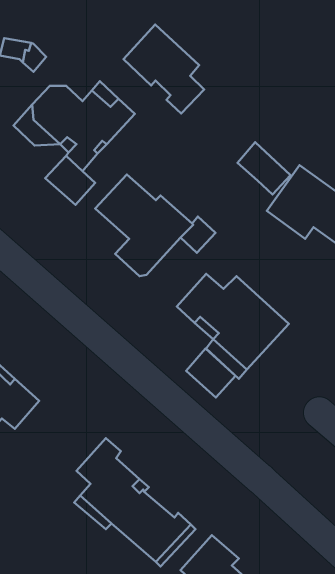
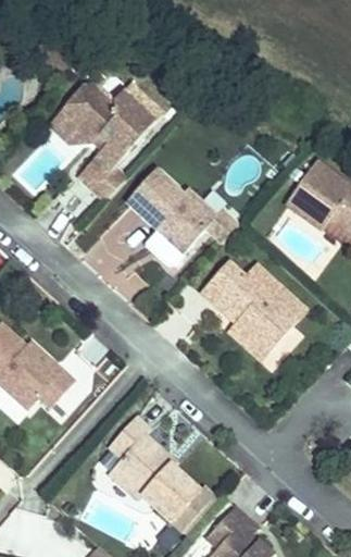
building: [124,25,204,113] -> none
building: [238,142,291,195] -> none
building: [186,348,235,397] -> none

